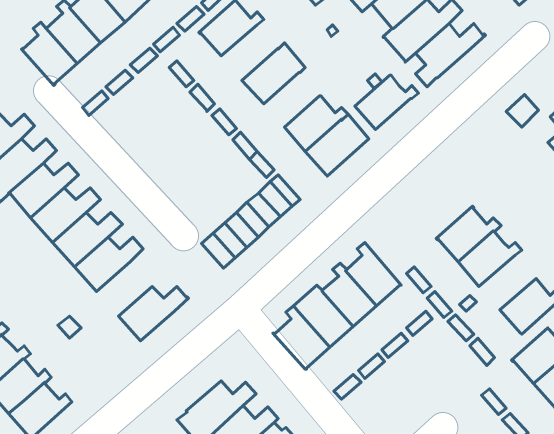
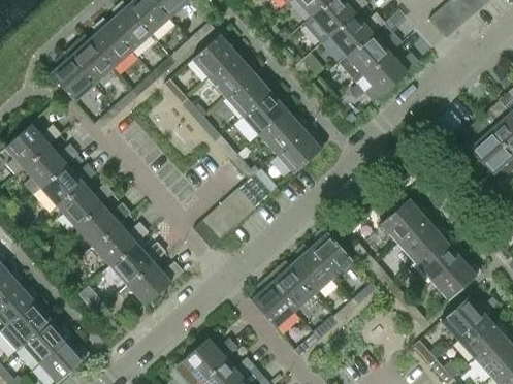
building: none -> [209,54,259,98]
building: [355,75,418,129] -> [243,92,293,135]
building: none -> [414,237,464,281]
building: none -> [109,243,164,286]

